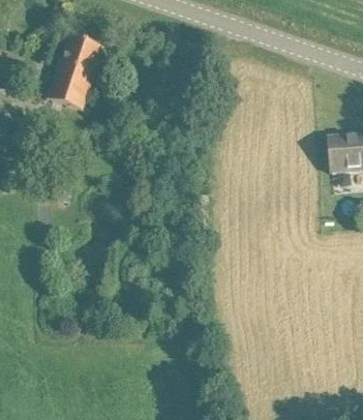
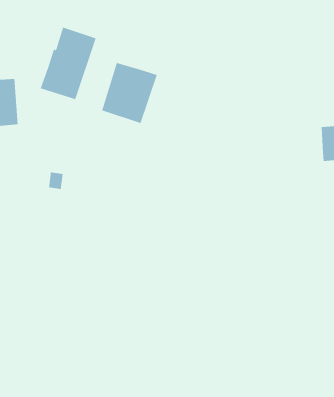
building: none -> [101,62,157,124]

